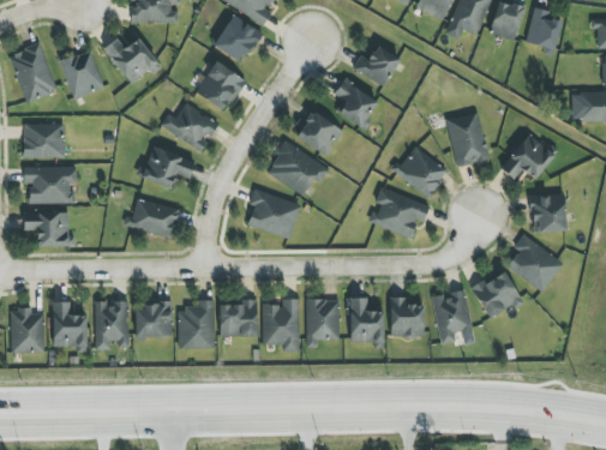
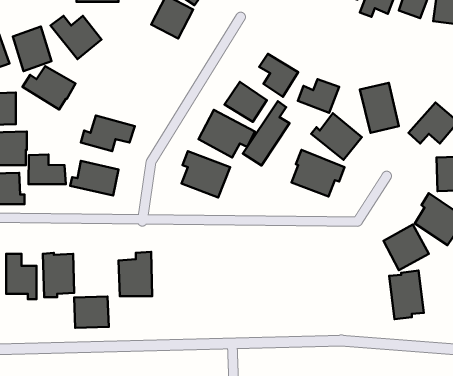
building: [353,47,398,84] -> [298,79,339,113]
building: [196,60,245,112] -> none
building: [160,103,218,151] -> [22,66,75,110]
building: none -> [243,101,290,165]
building: none -> [29,155,66,184]
building: [433,289,472,343] -> [389,271,424,319]
building: [348,296,384,348] -> none
building: [390,296,424,336] -> none
building: [262,298,299,352] -> none
building: [220,299,257,336] -> none
building: [306,299,338,347] -> none
building: [134,302,173,337] -> [74,296,109,328]

